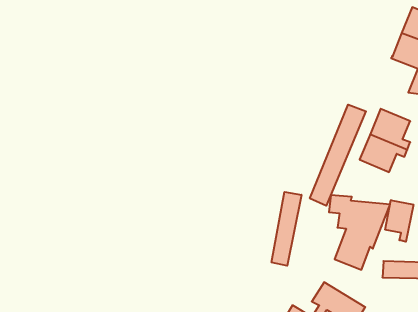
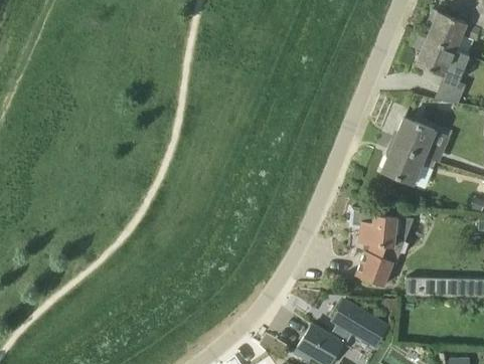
building: [310,105,366,206] -> none
building: [272,192,301,266] -> none
building: [385,200,413,242] -> none

